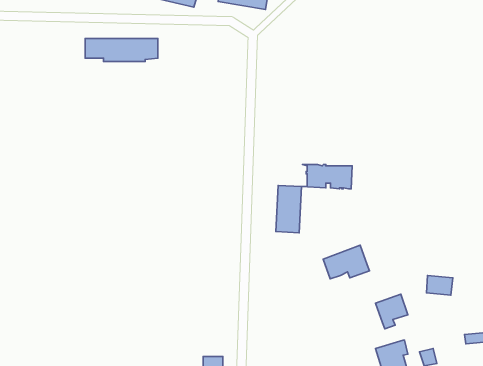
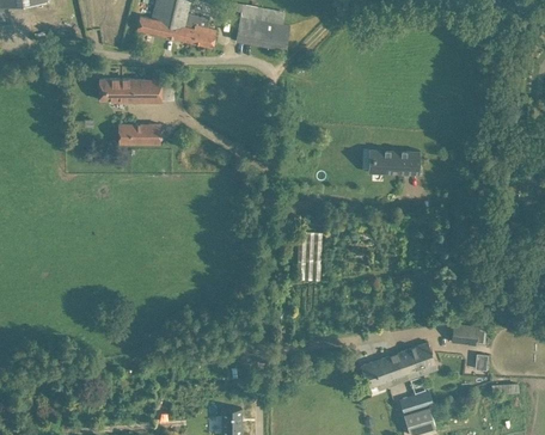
building: none -> [118,125,160,145]
building: [301,165,352,189] -> [367,148,420,173]
building: [323,245,369,279] -> [361,354,409,388]

